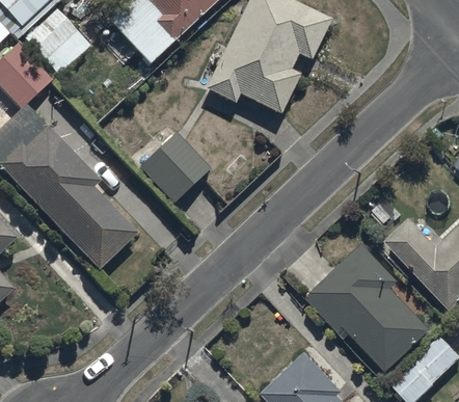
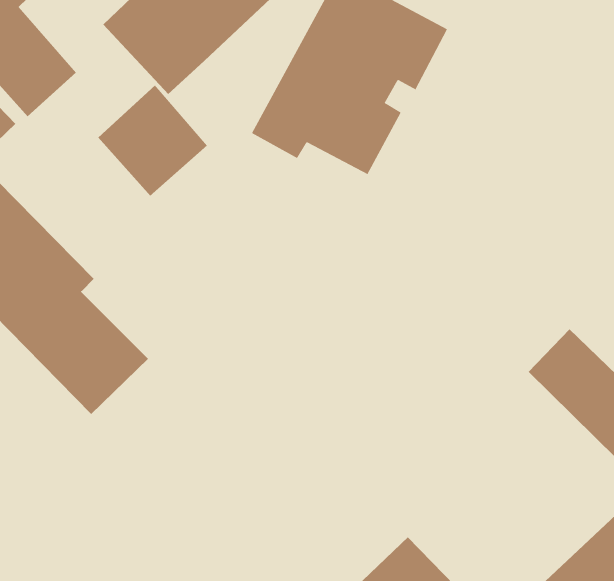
building: [137,131,209,204] -> [98,85,208,197]
building: [304,245,433,373] -> none

